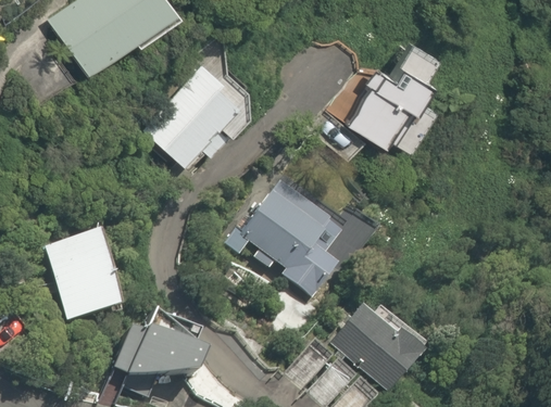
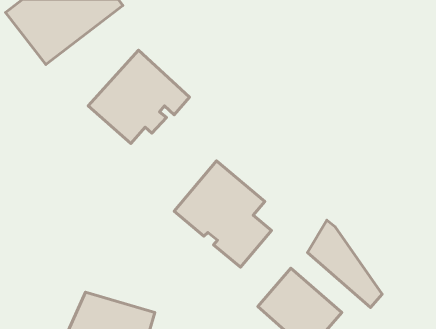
building: [353,33,440,135] -> none
building: [49,231,126,317] -> none
building: none -> [308,220,382,308]

